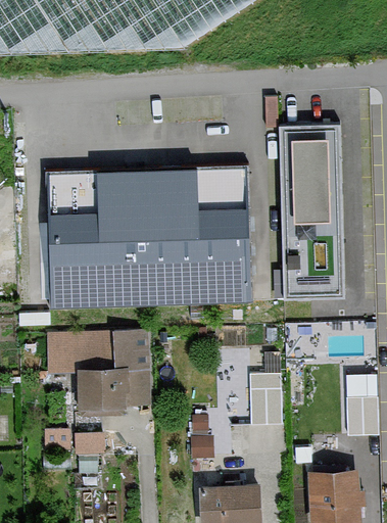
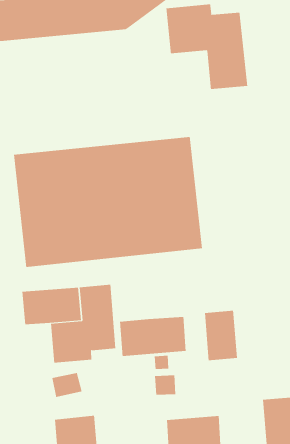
building: none -> [166,4,248,90]
building: [279,123,344,299] -> none
building: none -> [120,316,186,357]

